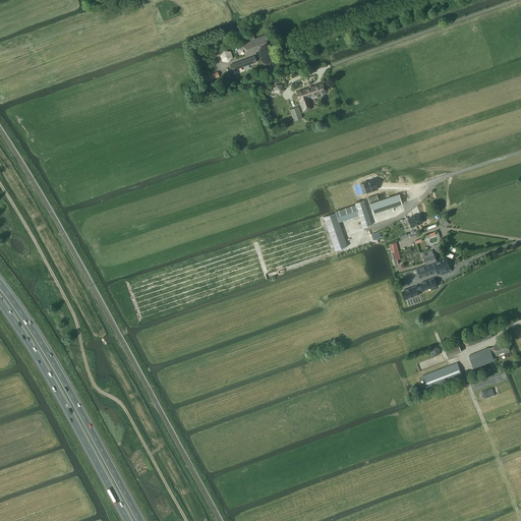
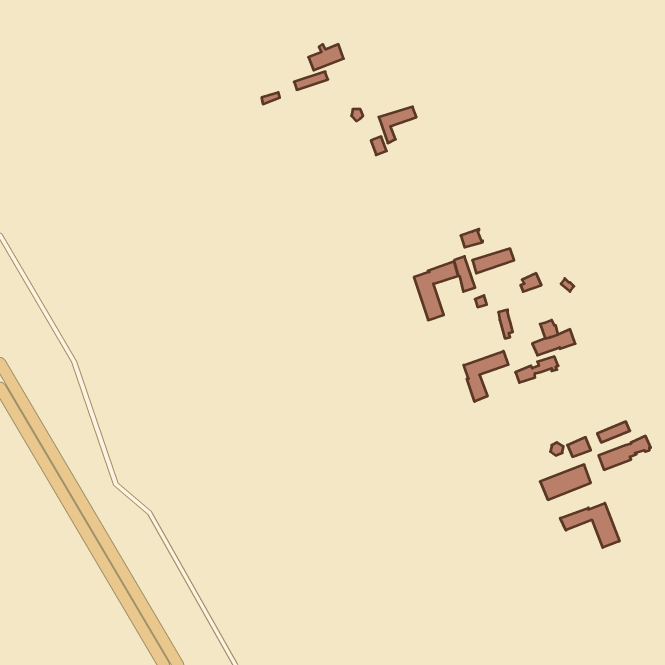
building: none -> [464,351,508,402]
building: none -> [560,503,619,548]

